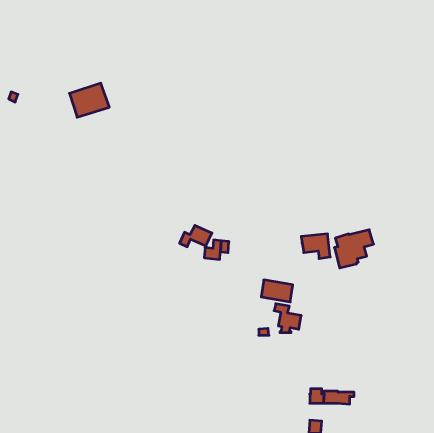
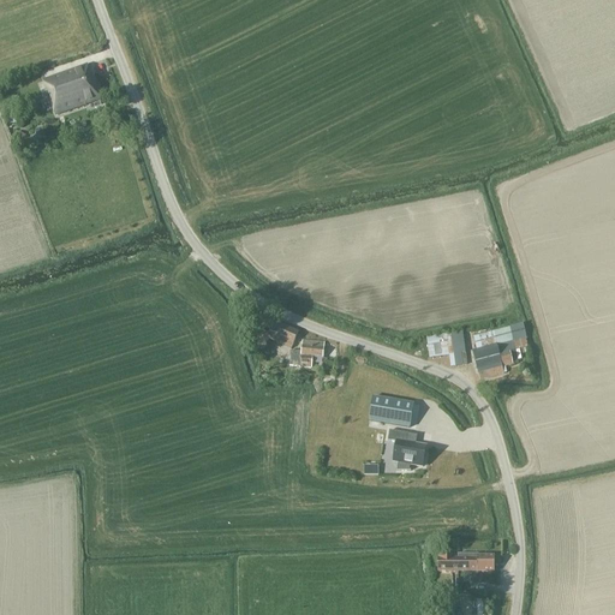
building: [69,83,109,117] -> [44,64,101,112]

